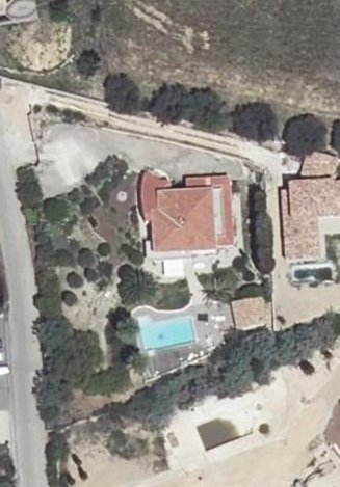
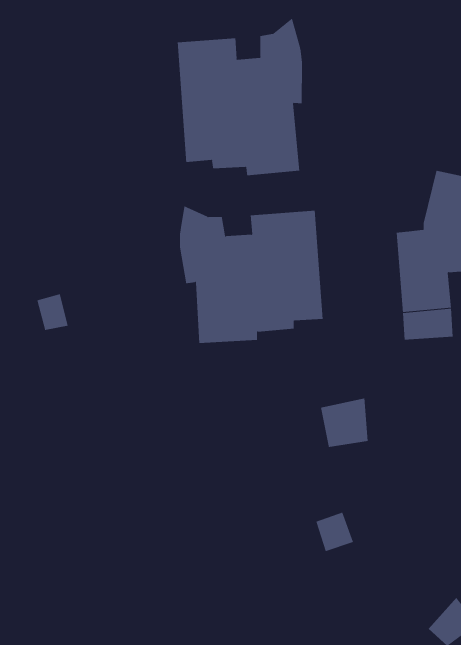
building: none -> [177,17,303,176]

